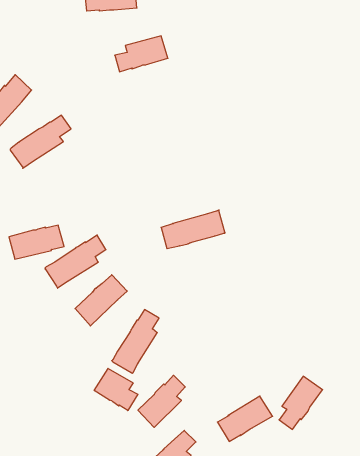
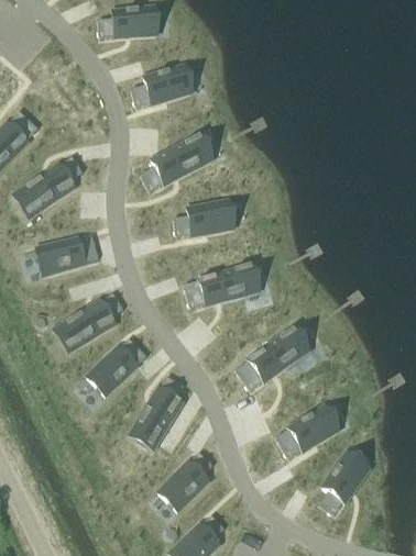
building: none -> [143,135,212,191]
building: none -> [175,201,234,236]
building: [9,225,64,259] -> [36,236,99,275]
building: none -> [238,329,310,390]
building: [94,368,138,411] -> none
building: [217,396,273,441] -> [277,407,340,458]

